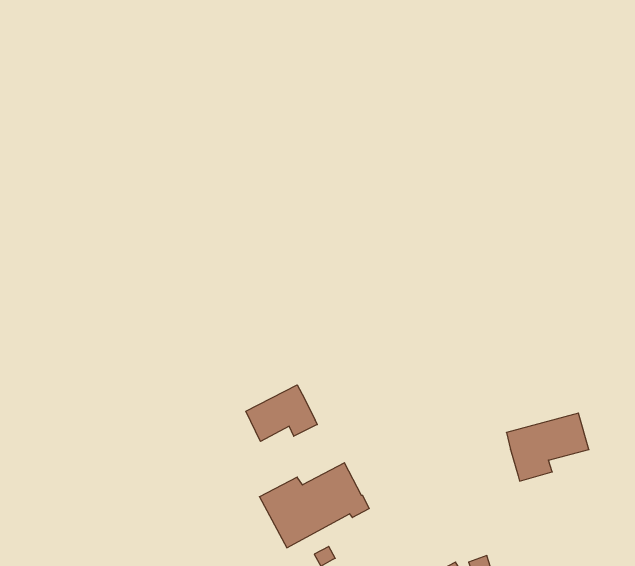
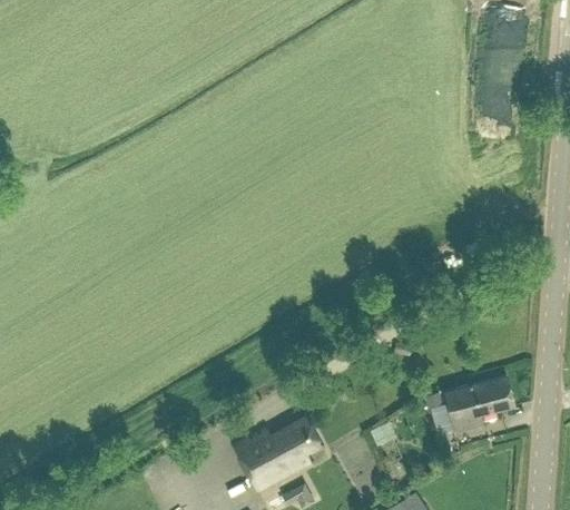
building: [246,385,317,441] -> none

